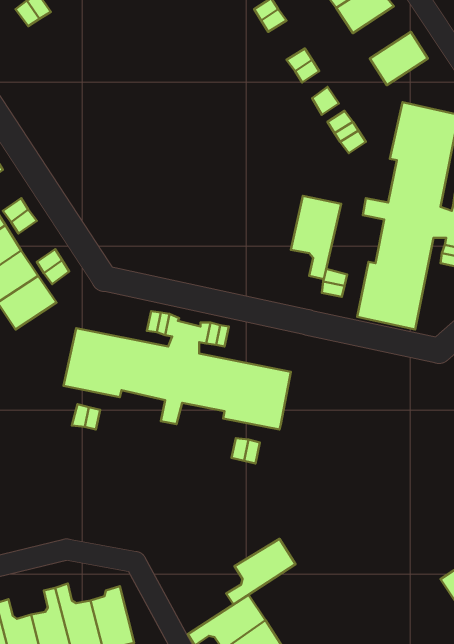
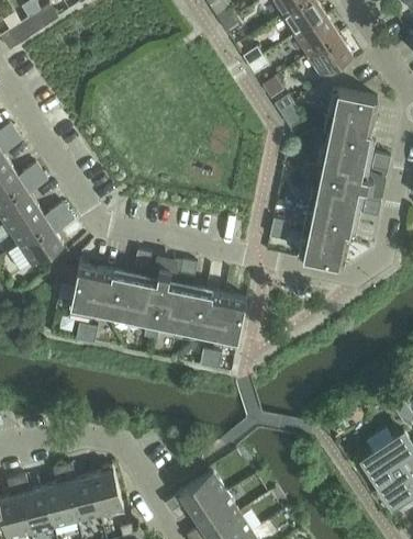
building: none -> [293,15,338,56]
building: [291,196,341,279] -> none
building: [226,539,296,604] -> none

